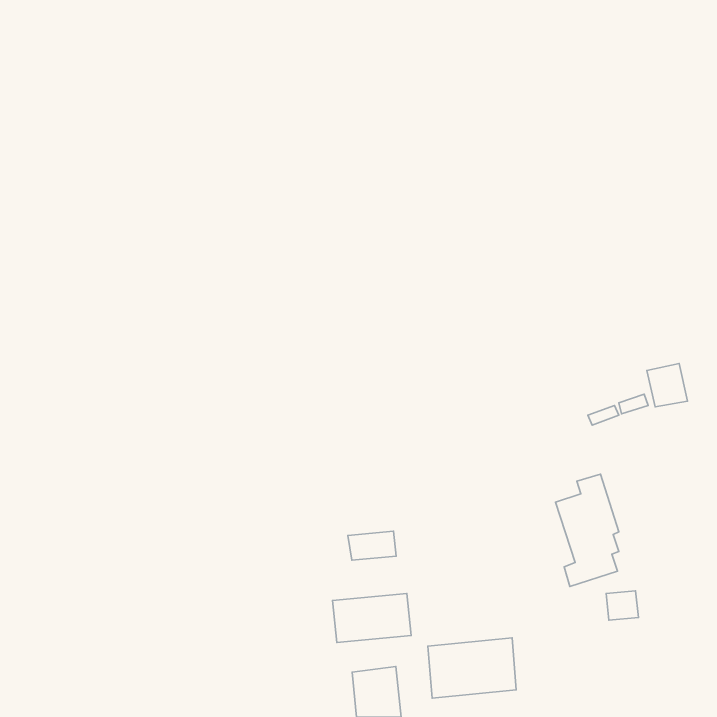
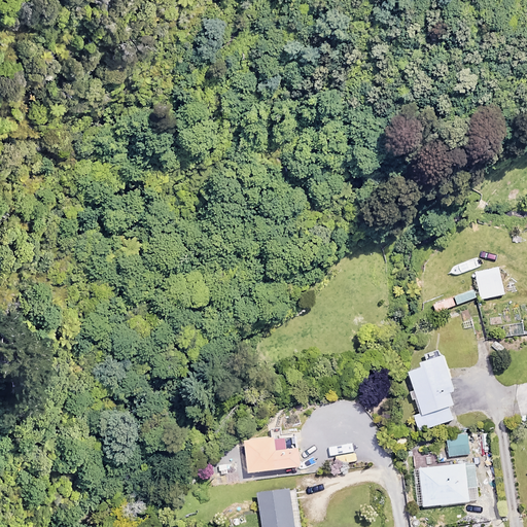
building: [348,531,396,560] -> none
building: [428,638,516,698] -> [413,462,478,506]

